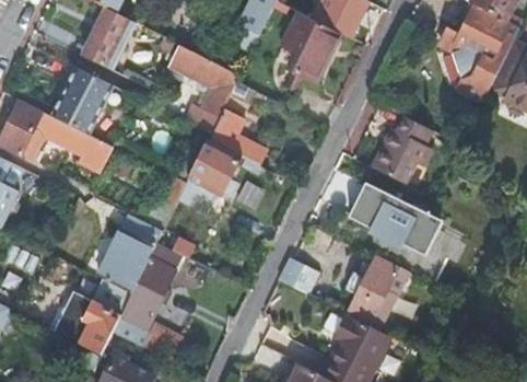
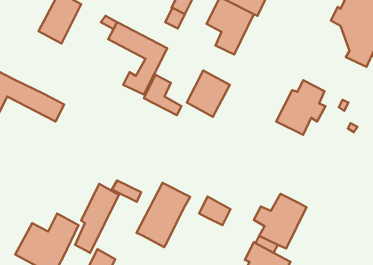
building: [51,66,113,132] -> none
building: [188,139,241,196] -> [187,70,230,117]
building: [348,181,442,254] -> none
building: [96,215,162,293] -> [136,183,190,247]

